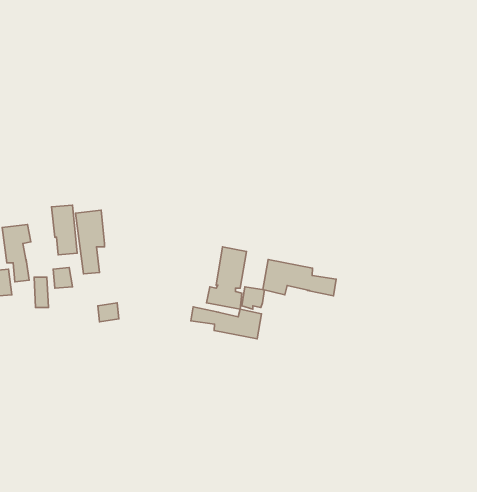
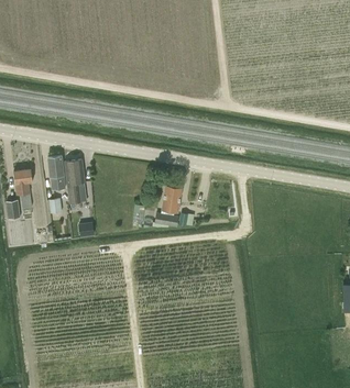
building: [263,260,336,296] -> none
building: [191,307,262,339] -> none

